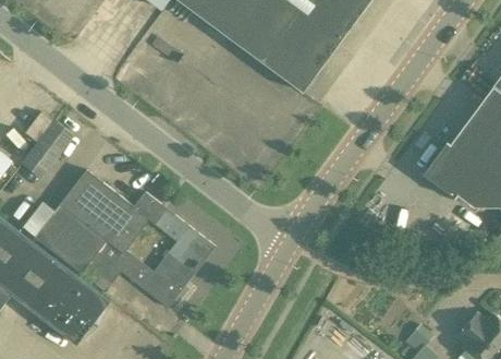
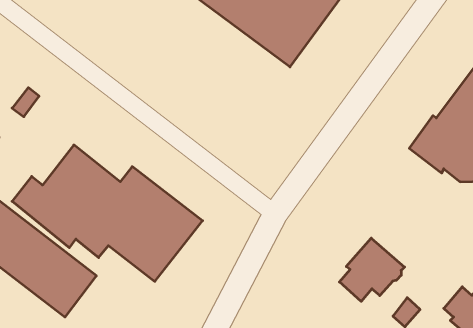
building: [22,121,75,180] -> none
building: none -> [339,238,405,301]

